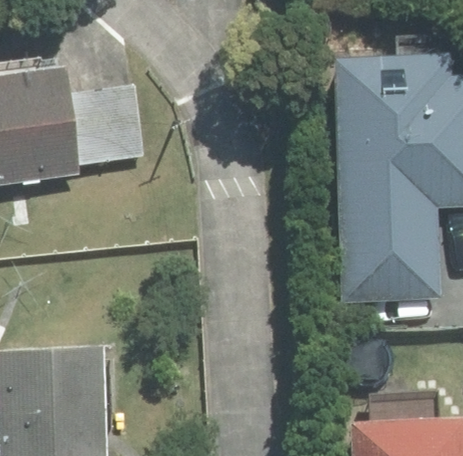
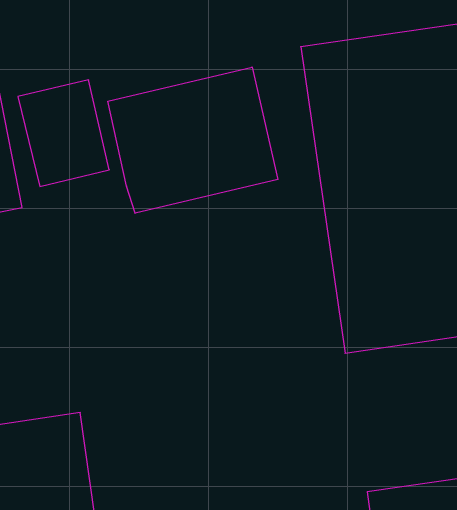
building: none -> [108,67,278,213]

